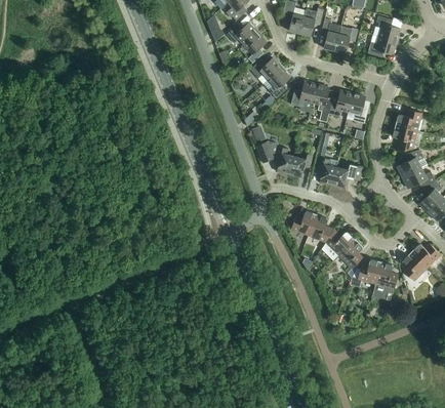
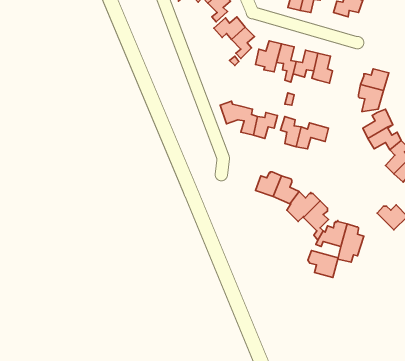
building: [403,251,428,281] -> none
building: none -> [308,251,338,277]

